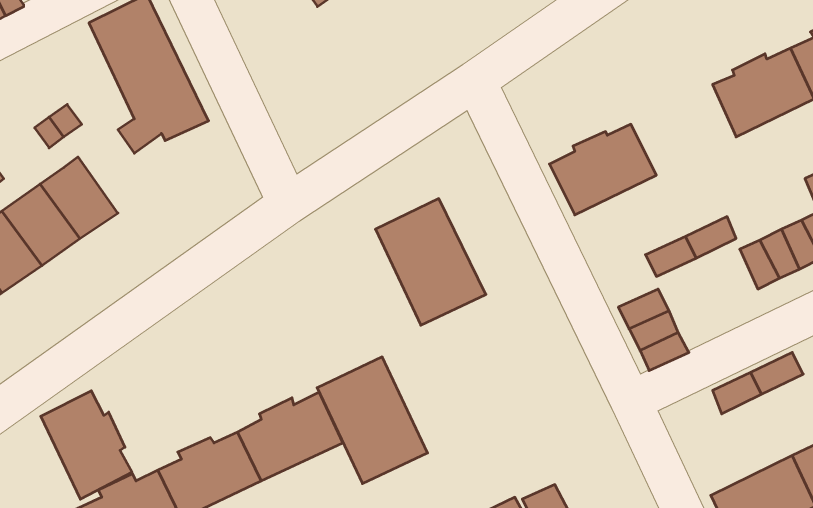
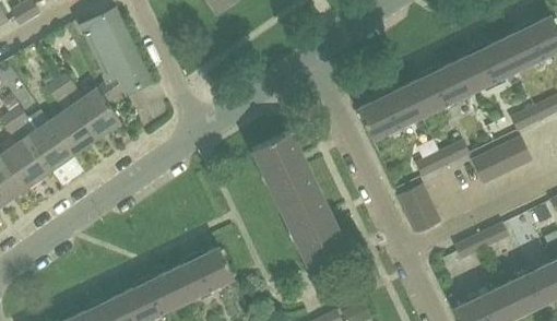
building: none -> [406,61,470,116]
building: none -> [73,88,121,139]
building: [317,357,428,484] -> [280,188,346,264]
building: [41,391,132,499] -> none

